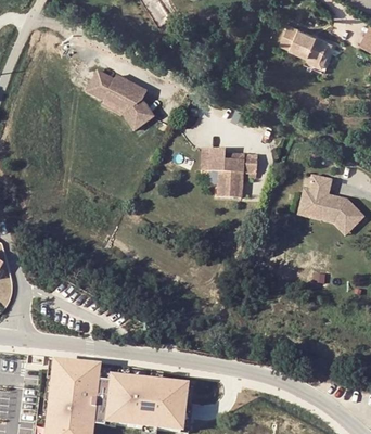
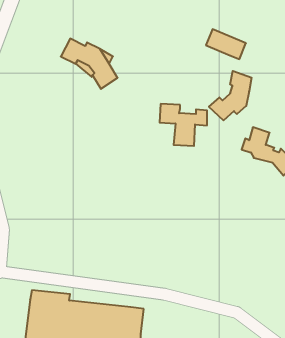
building: [280,29,327,64] -> [206,29,246,59]
building: none -> [209,71,252,120]

